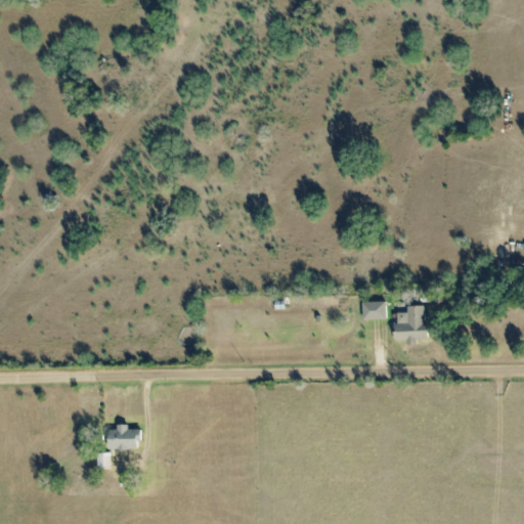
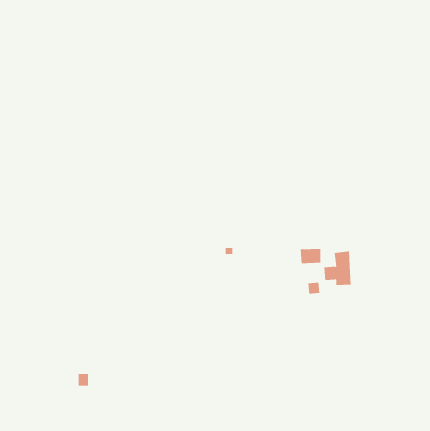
building: [106,424,137,447] -> none

